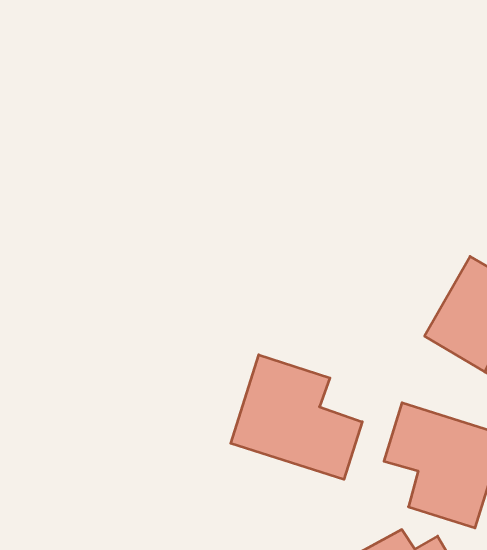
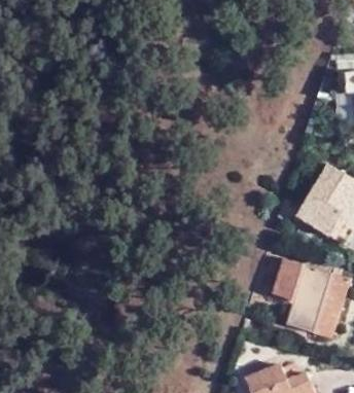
building: [231,355,362,479] -> none

